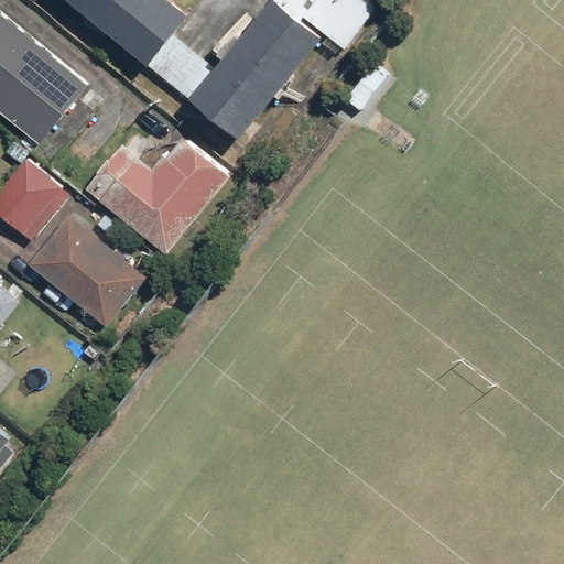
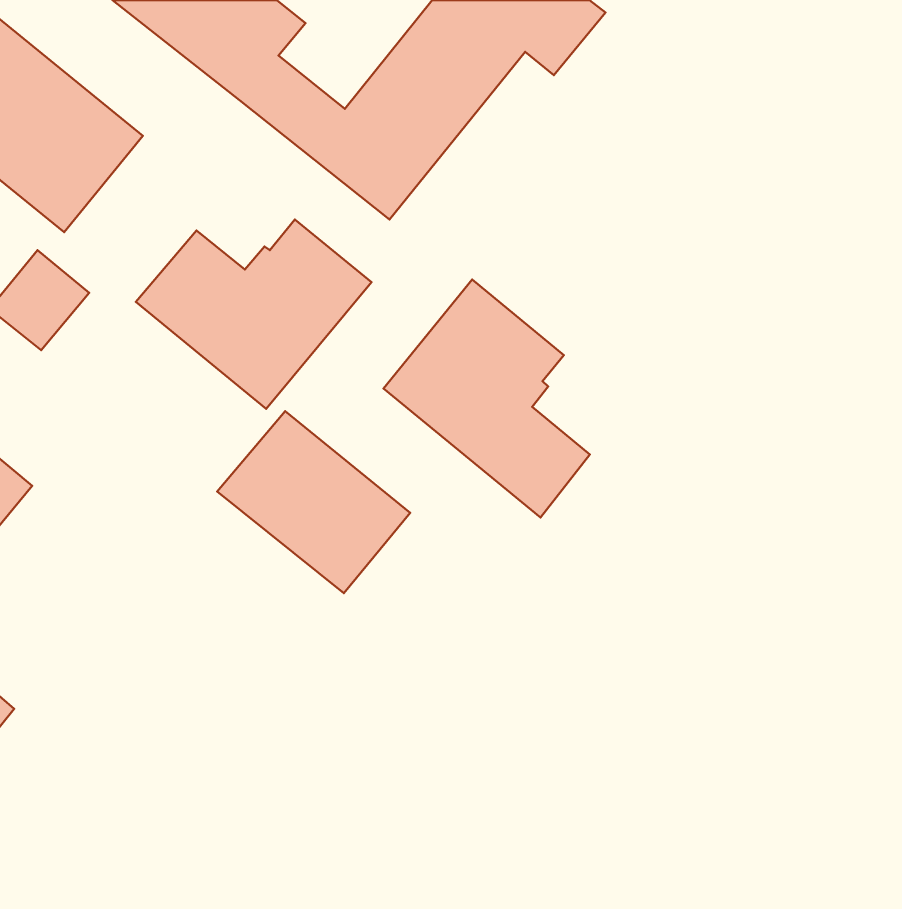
building: none -> [384,279,590,517]
building: [26,214,145,326] -> [217,411,410,593]

